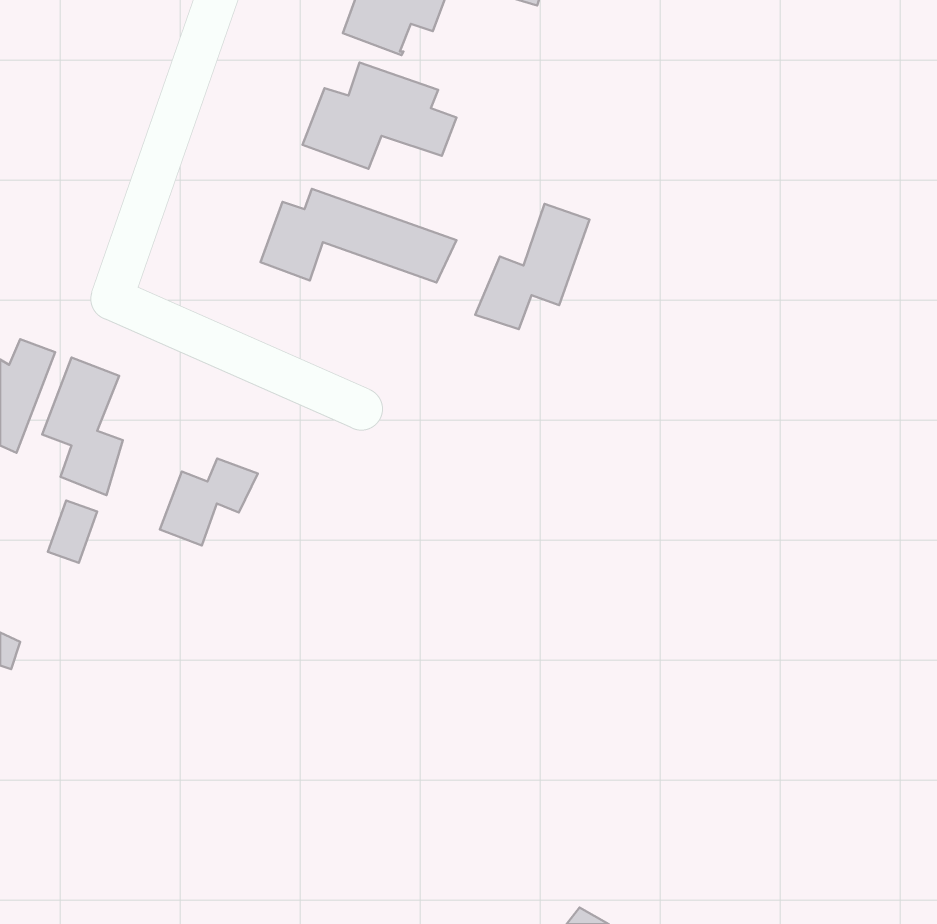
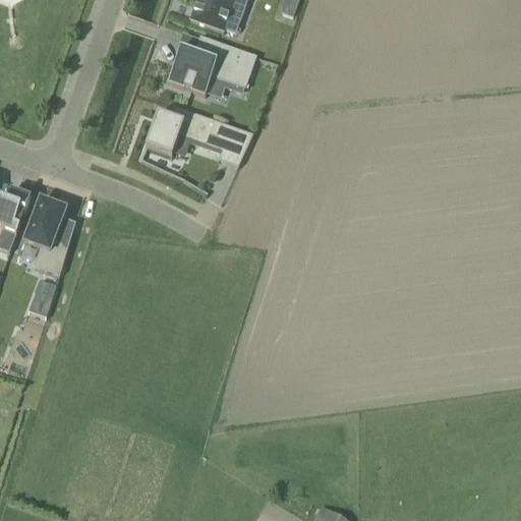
building: [475,204,589,329] -> none
building: [160,459,258,545] -> none

